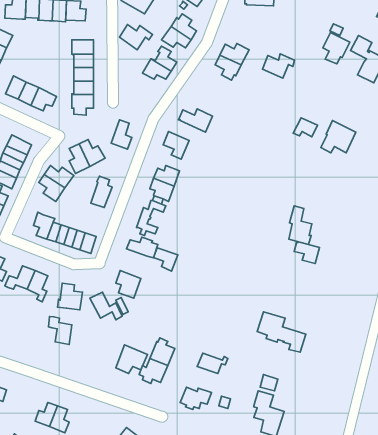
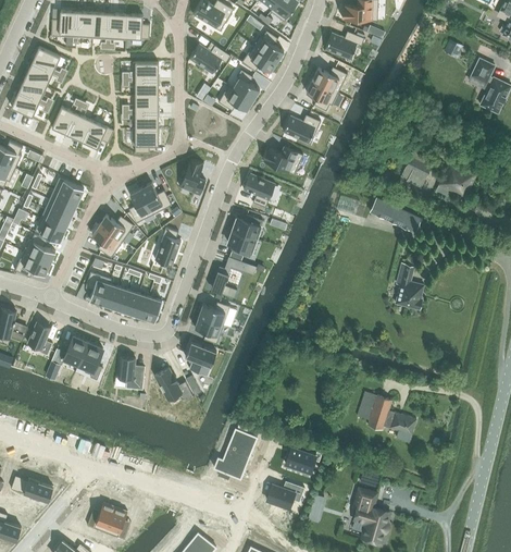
building: [323,33,350,64] -> none
building: [262,54,295,78] -> [325,30,364,60]
building: none -> [284,114,321,144]
building: none -> [370,198,421,233]
building: [294,241,319,263] -> none
building: [154,248,178,271] -> [195,316,224,344]
building: [48,316,72,345] -> none
building: [116,345,148,373] -> none

